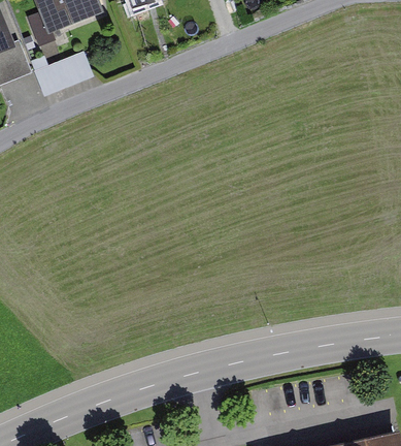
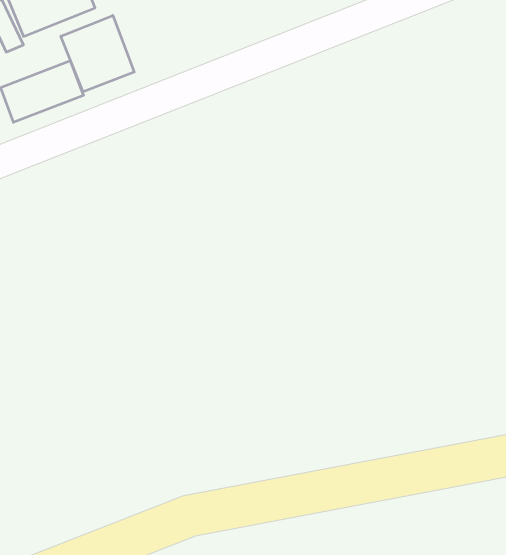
building: none -> [61,15,134,92]

